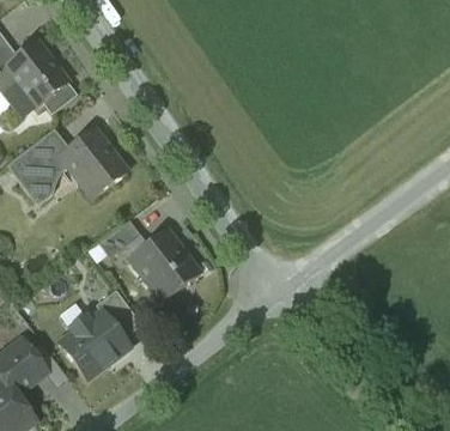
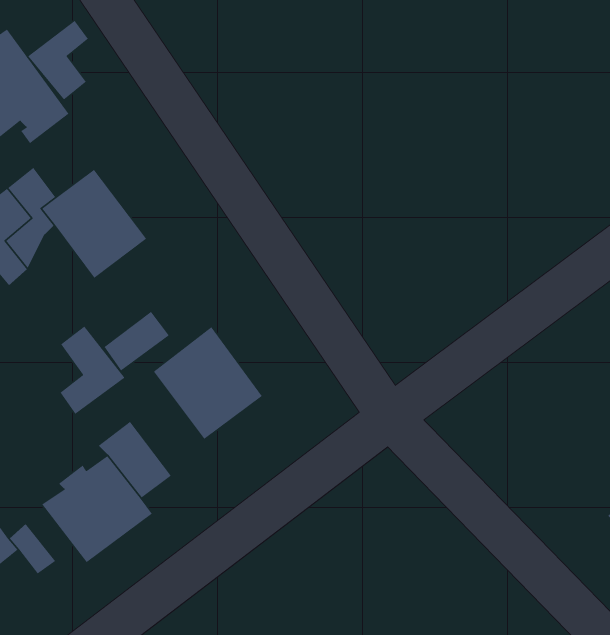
building: none -> [27,20,89,100]
building: none -> [60,326,126,415]

